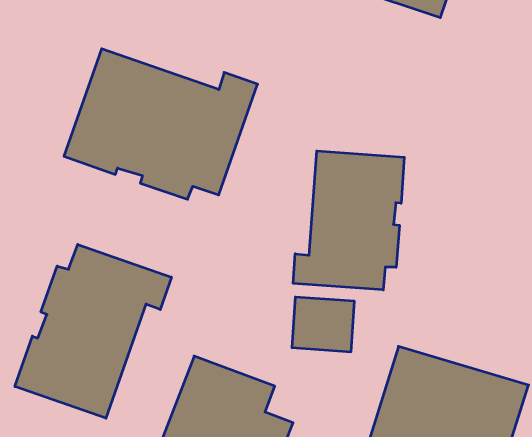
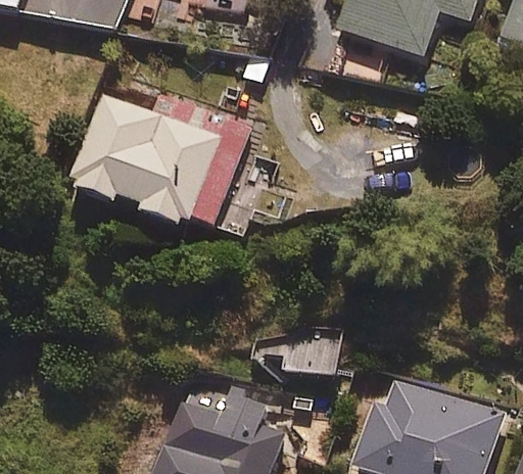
building: [293,151,404,290] -> none
building: [15,244,171,418] -> none

